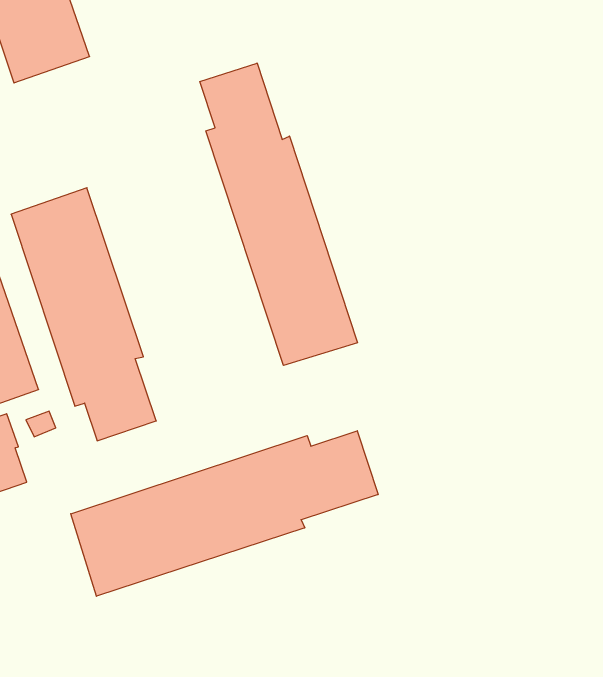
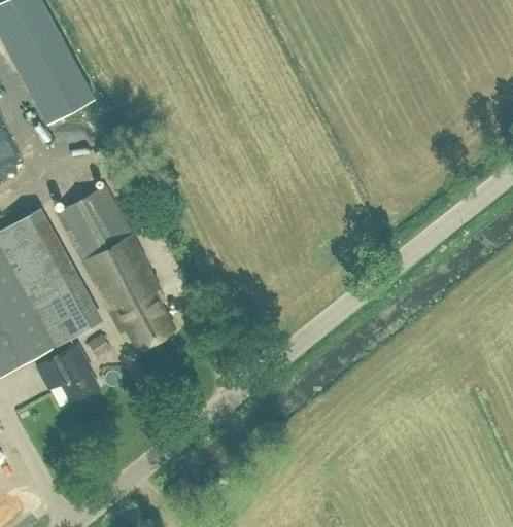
building: [200,63,357,365] -> none
building: [71,431,378,596] -> none

